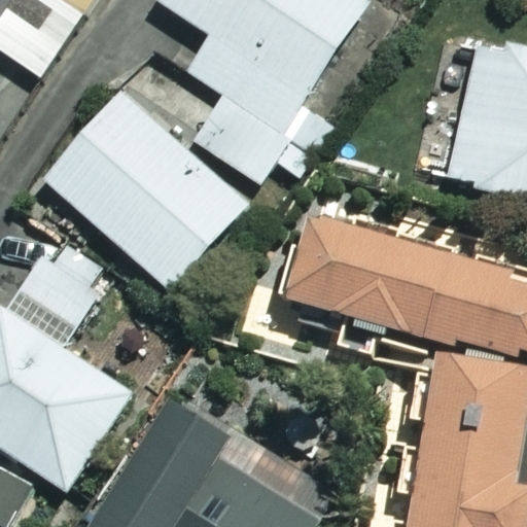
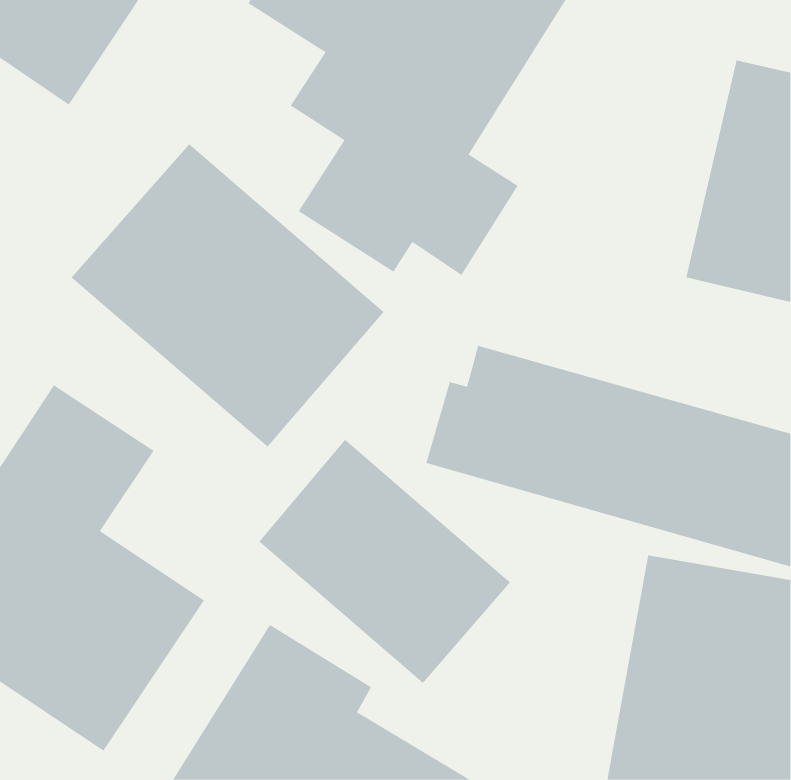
building: none -> [259,439,511,684]

